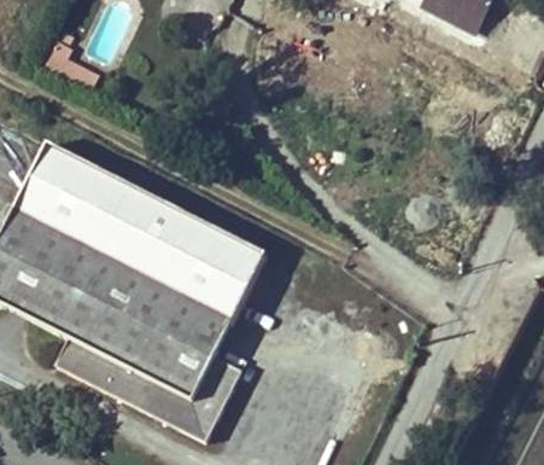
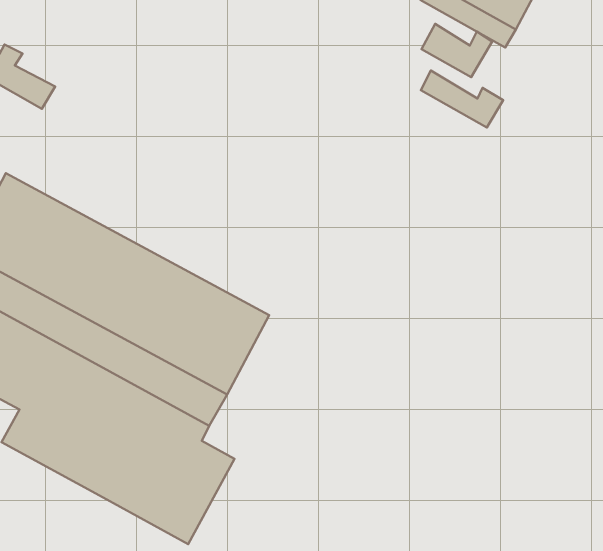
building: none -> [421,24,492,77]
building: none -> [421,71,503,127]

